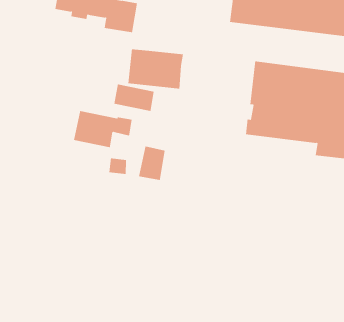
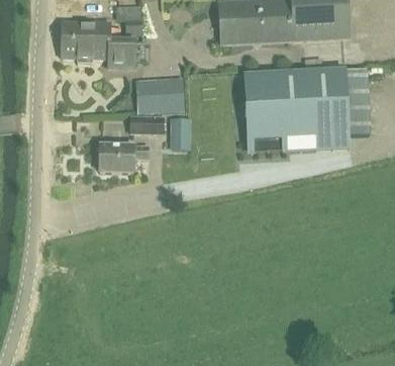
building: [138,146,166,180] -> [170,117,190,146]

